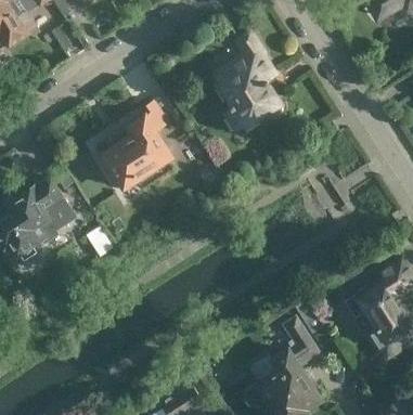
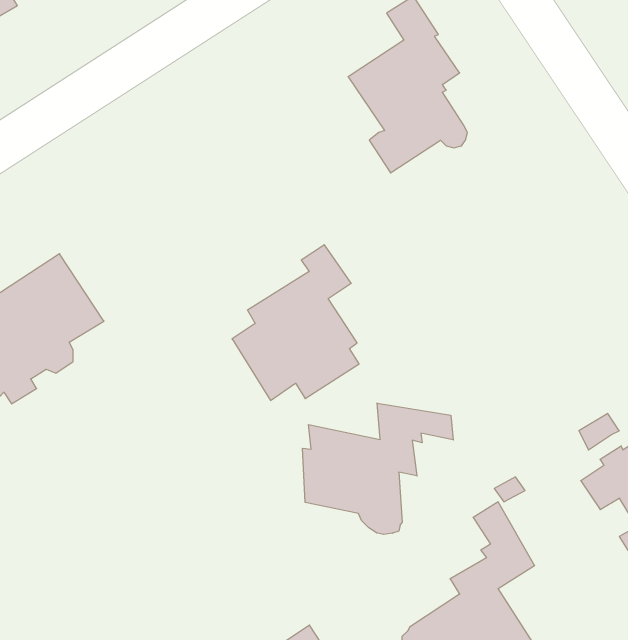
building: [101,102,172,190] -> [232,245,359,401]
building: none -> [303,403,453,534]

